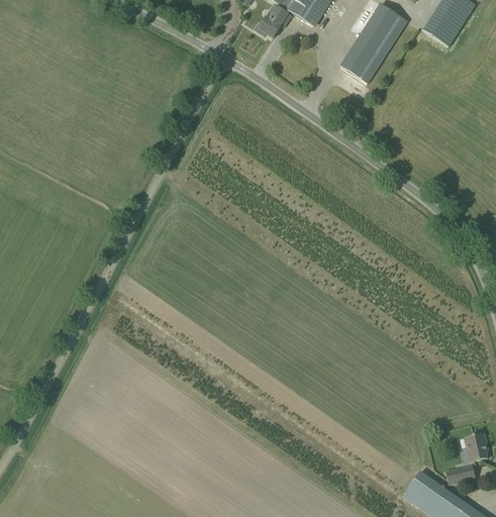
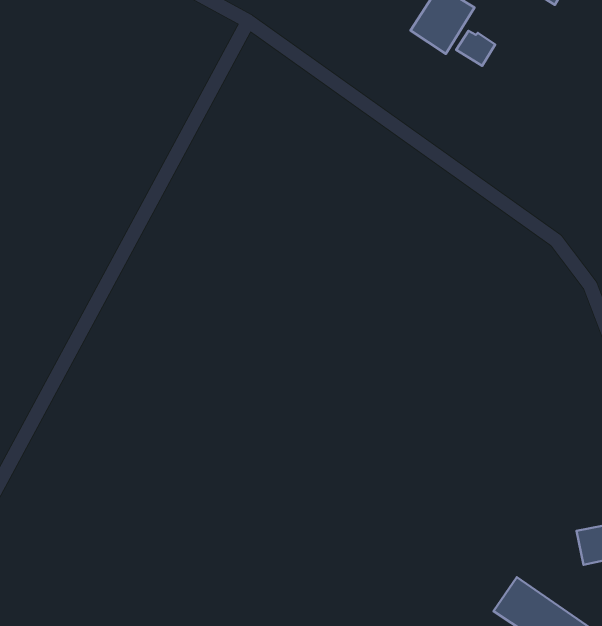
building: none -> [456,31,495,66]
building: [447,463,477,484] -> none

